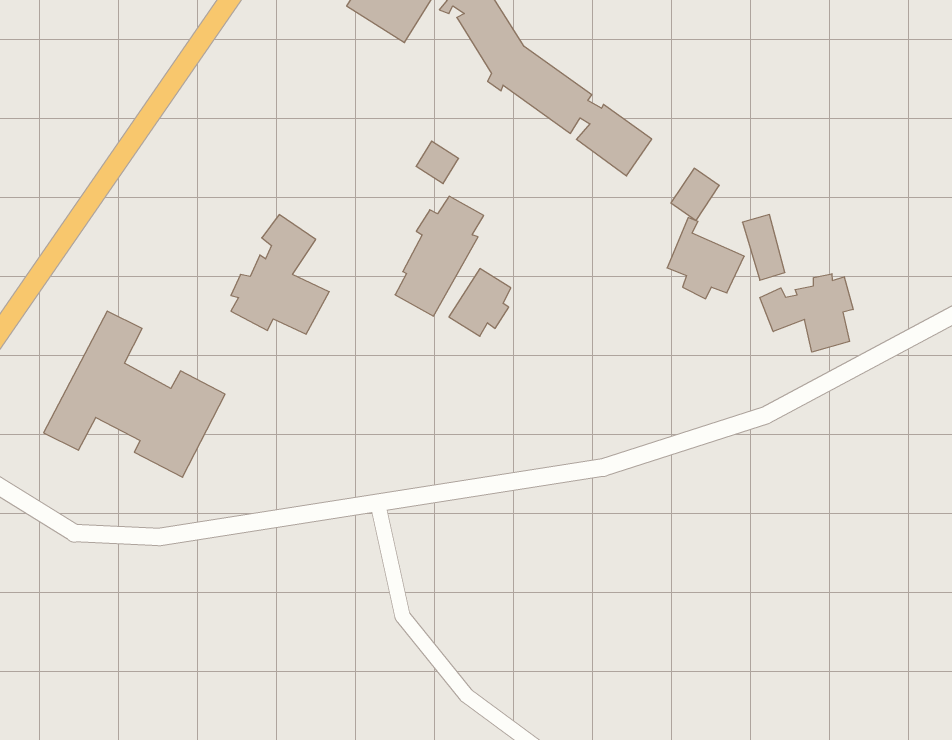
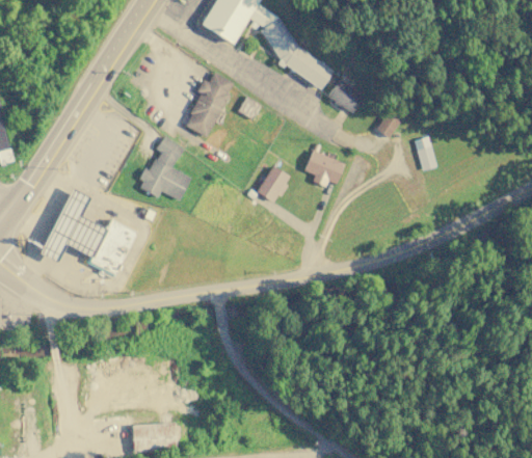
building: [395,196,484,316] -> [186,73,234,137]
building: [667,218,744,299] -> [304,143,346,187]
building: [760,274,853,352] -> none

